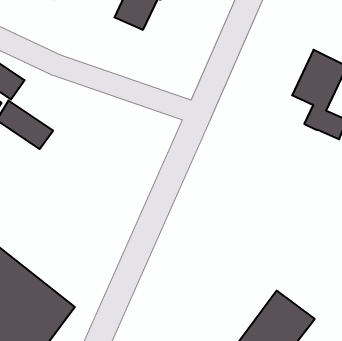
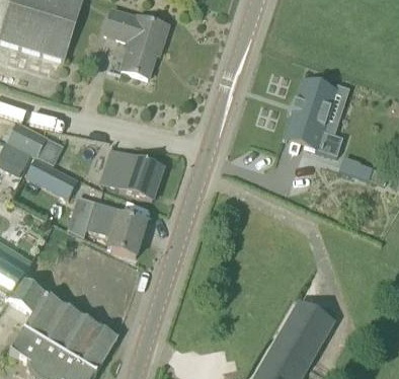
building: none -> [100,152,163,199]
building: none -> [73,196,146,255]

